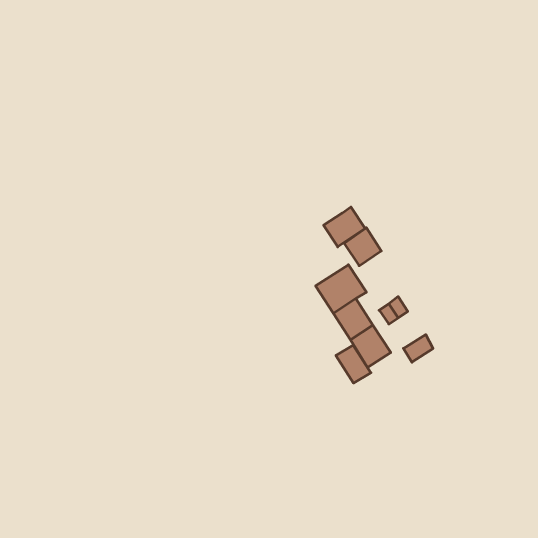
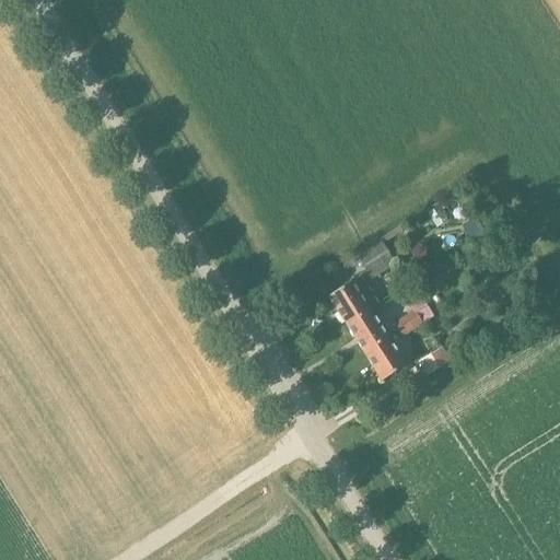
building: [324,207,365,247] -> none
building: [336,345,371,383] -> none

